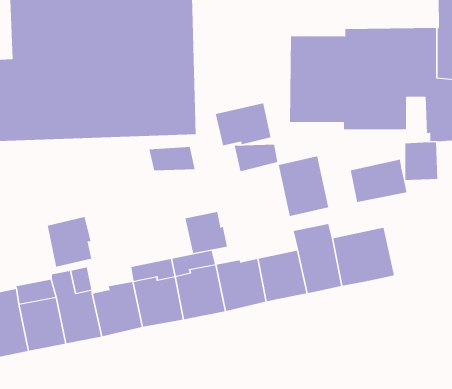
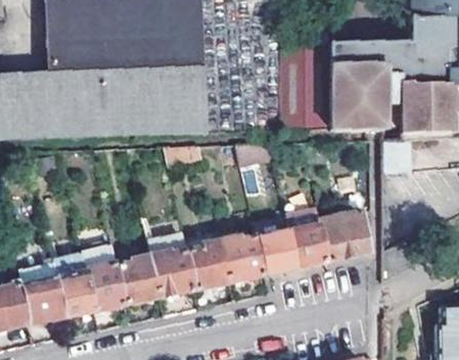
building: [215,103,271,146] -> none
building: [278,156,329,217] -> none
building: [350,159,407,203] -> none
building: [185,211,228,254] -> none
building: [47,216,92,267] -> none

